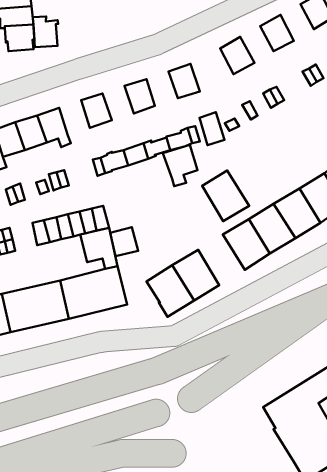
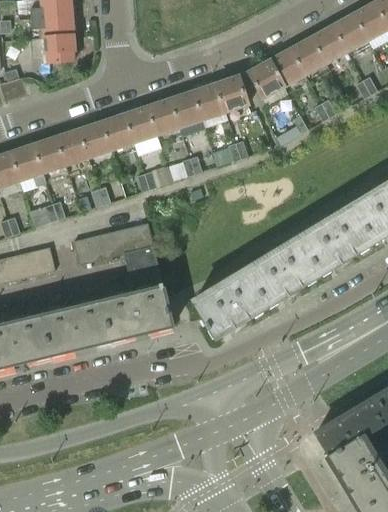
building: none -> [332,13,367,51]
building: [33,16,58,47] -> none
building: none -> [290,36,325,74]
building: none -> [248,59,283,97]
building: none -> [192,83,225,119]
building: none -> [146,98,179,134]
building: none -> [101,113,133,150]
building: [199,112,224,145] -> none
building: [163,145,198,186] -> none
building: [202,170,249,221] -> [246,253,295,306]
building: [110,227,138,256] -> none

